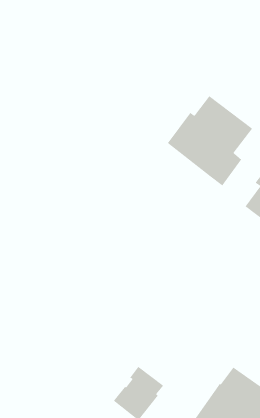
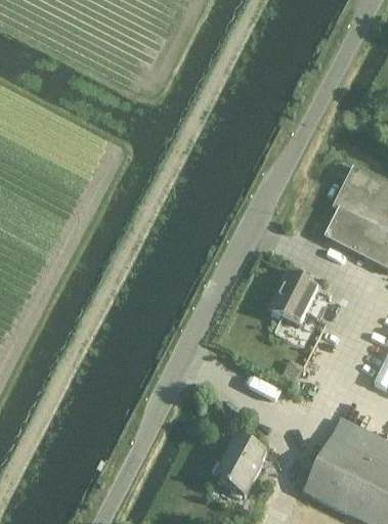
building: [167,95,253,186] -> none
building: none -> [268,272,316,323]

